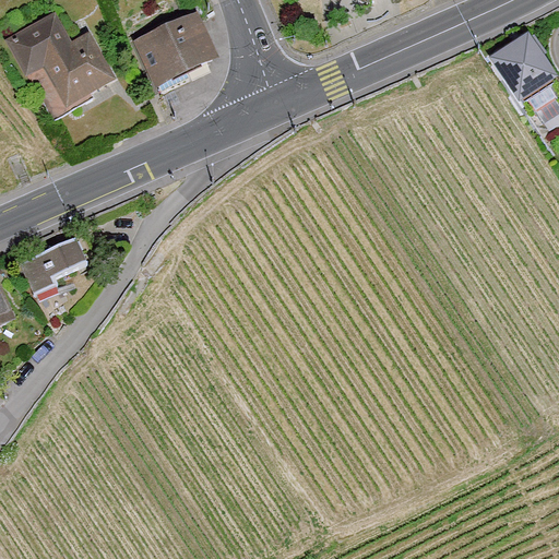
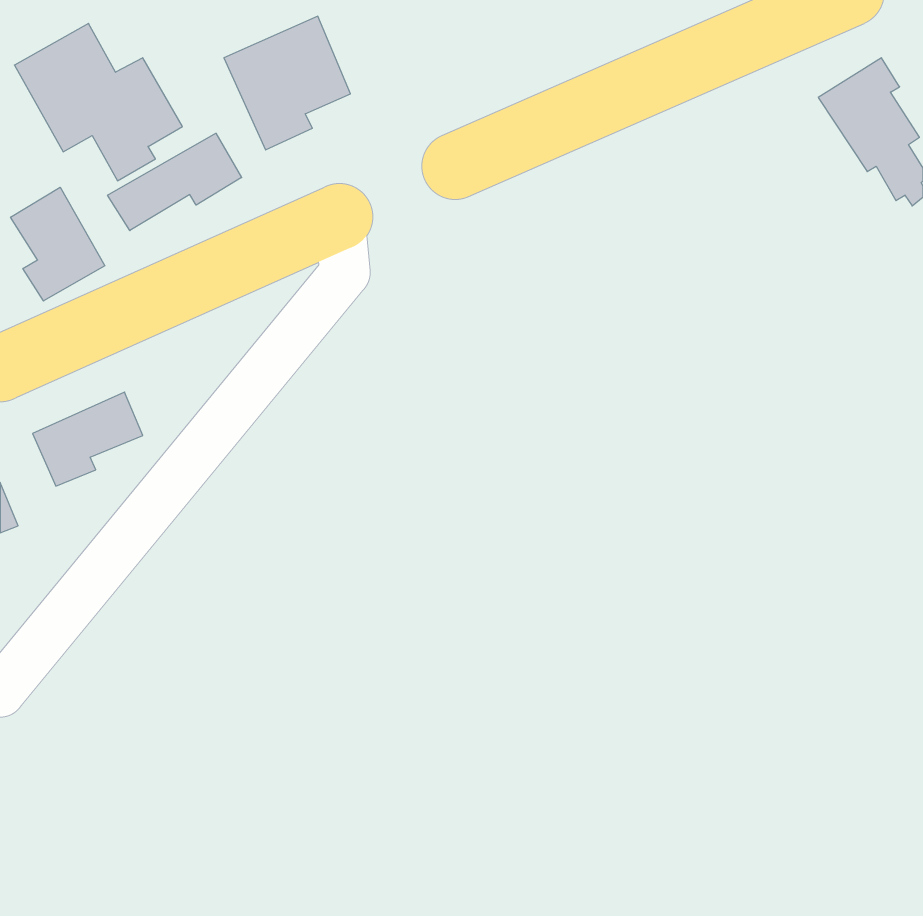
building: none -> [108,133,242,231]
building: none -> [11,187,105,301]

